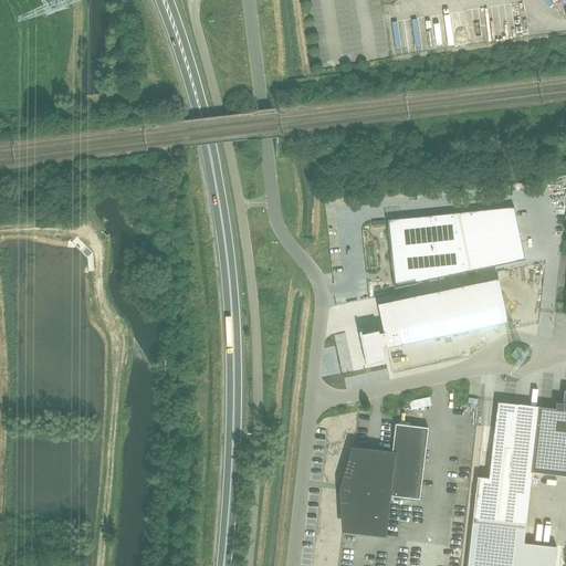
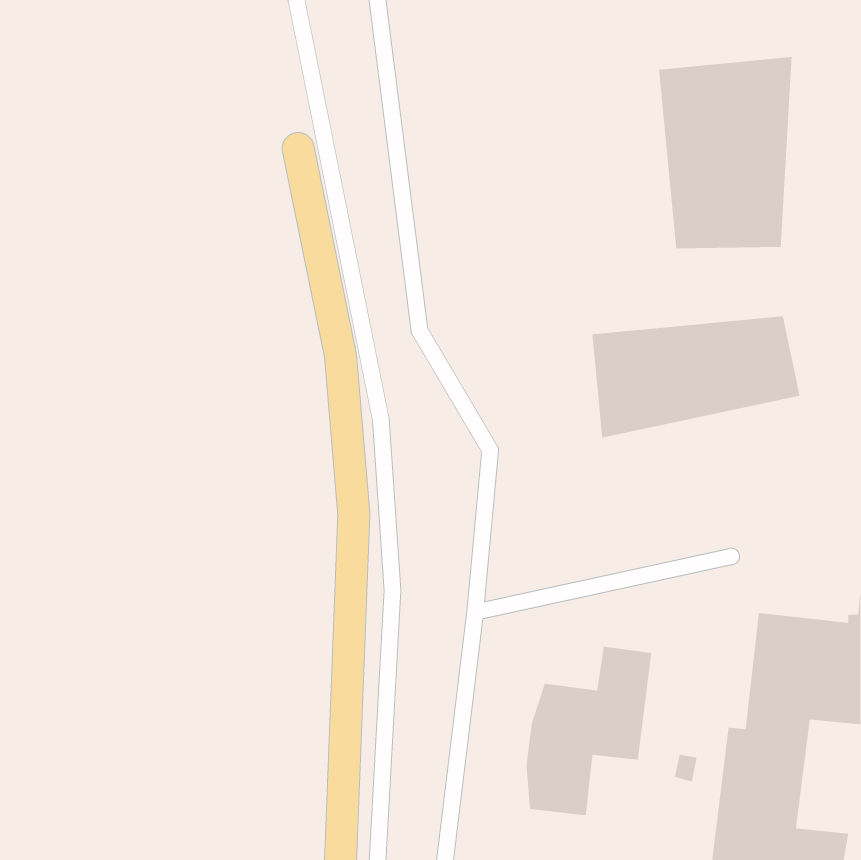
building: none -> [658,56,793,249]
building: [361,279,507,364] -> none

